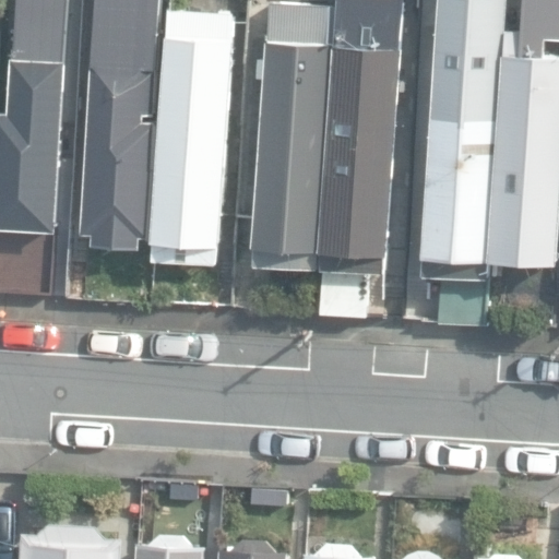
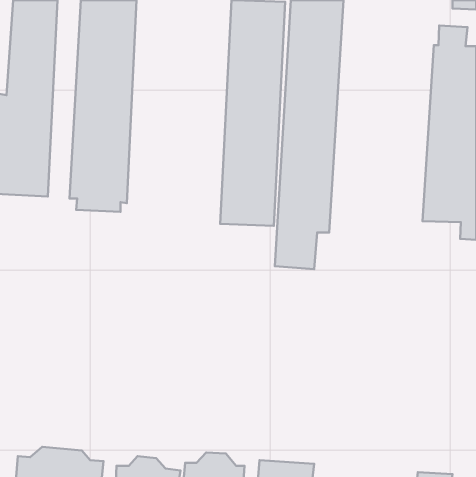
building: [425,10,499,324] -> none
building: [151,11,230,264] -> none

